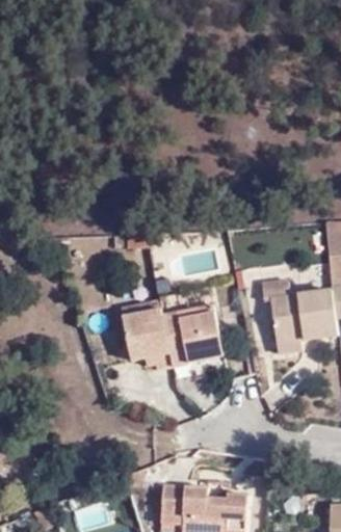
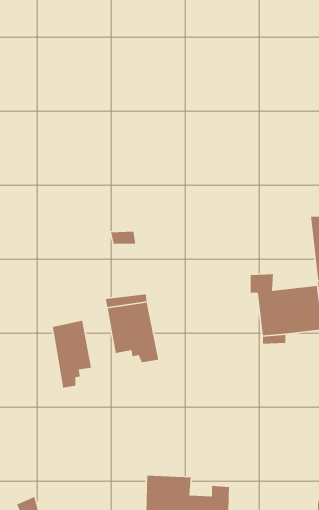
building: [163,304,221,366] -> none
building: none -> [52,320,92,389]

